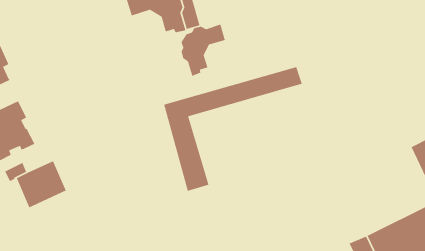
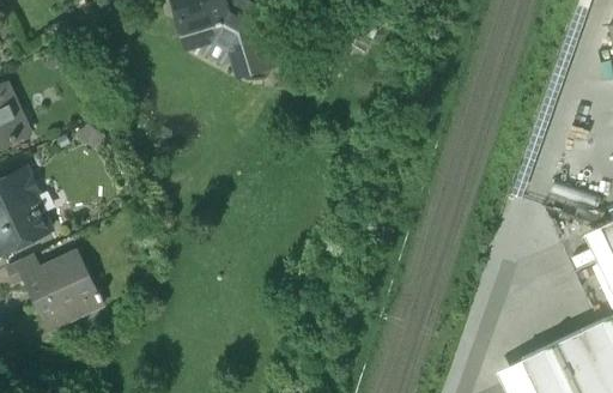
building: [181,23,226,77] -> none
building: [163,66,303,192] -> none

